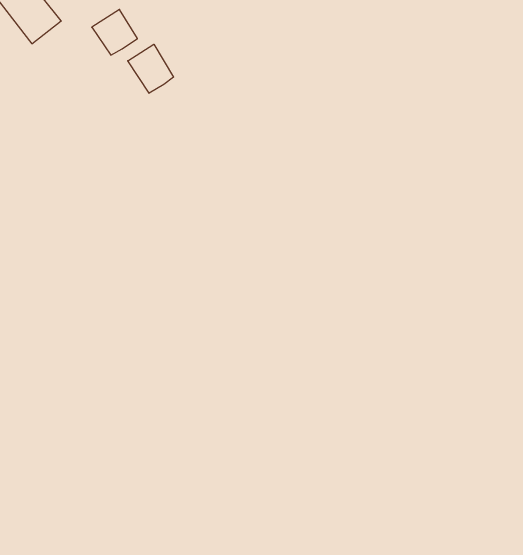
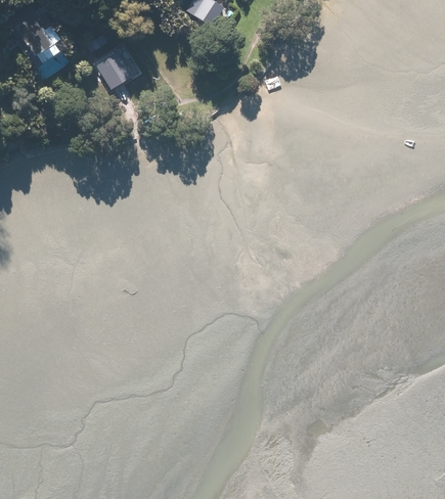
building: [128,44,174,93] -> none

